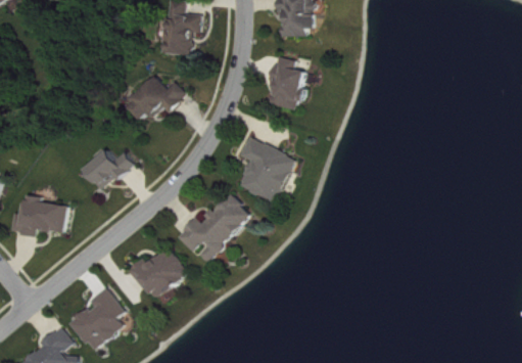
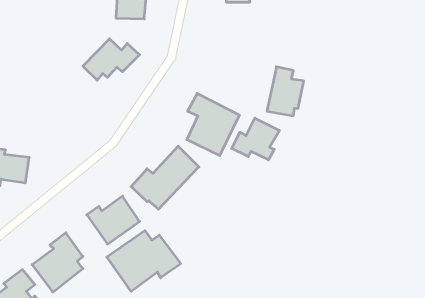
building: [266,55,305,108] -> [267,67,304,116]
building: [83,148,133,190] -> none
building: none -> [232,118,279,160]
building: none -> [107,231,181,291]

